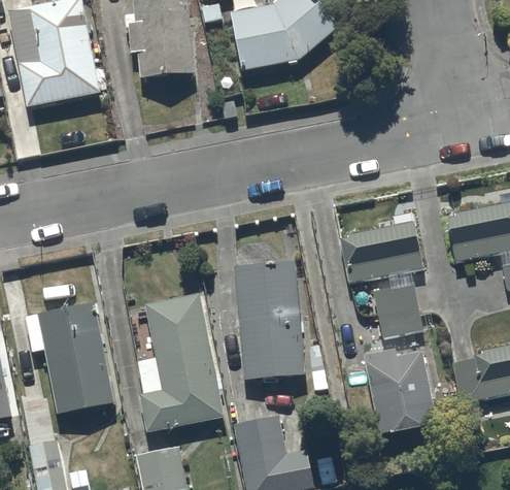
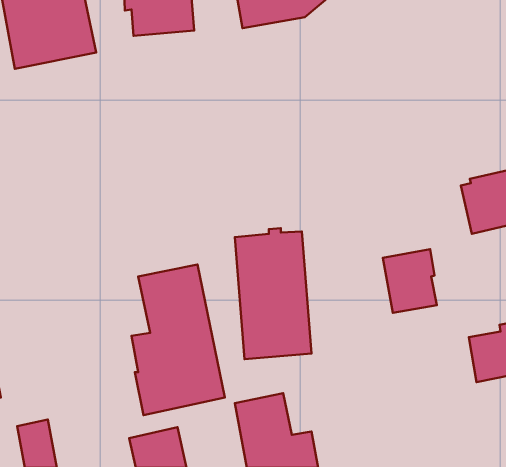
building: [340,221,424,284] -> none
building: [39,303,115,414] -> none
building: [362,349,437,437] -> none

